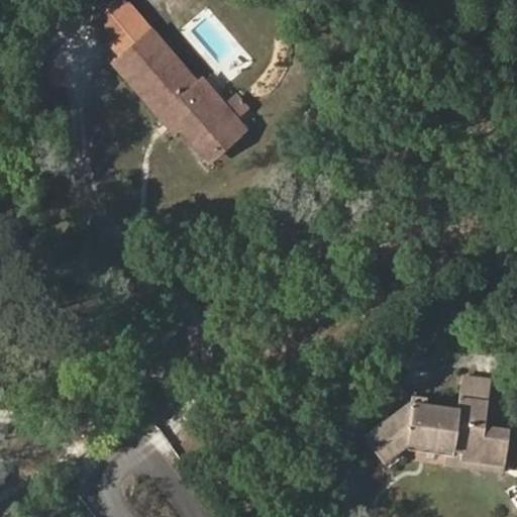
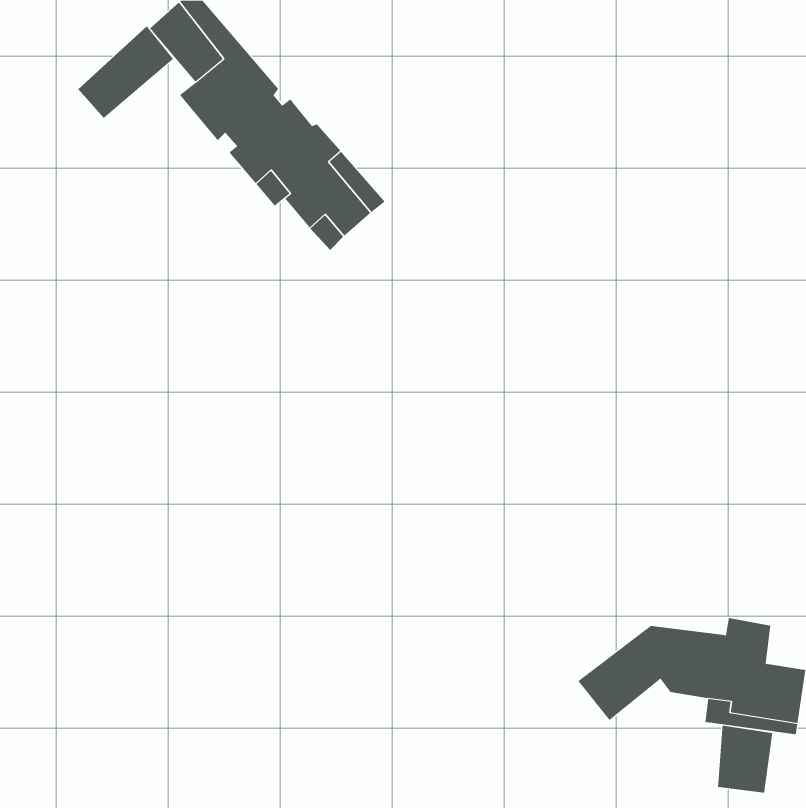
building: none -> [78,26,174,119]
building: none -> [718,725,773,794]

